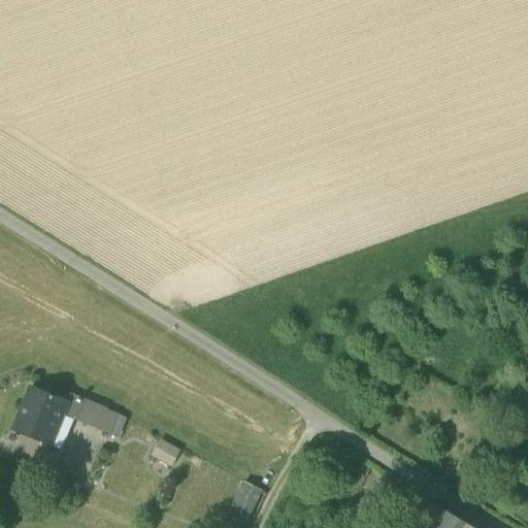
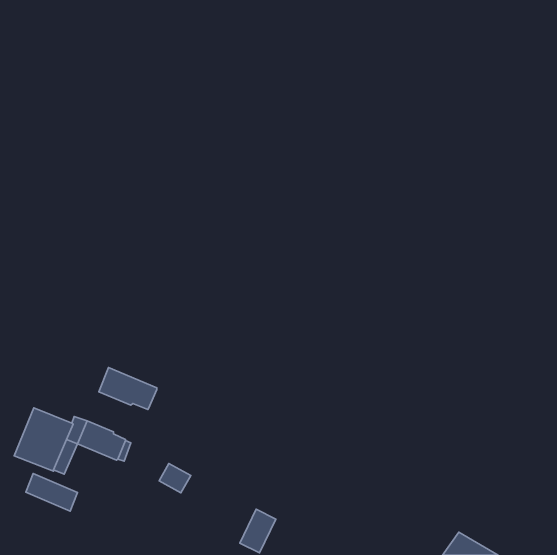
building: none -> [99,368,157,409]
building: none -> [26,474,78,511]

